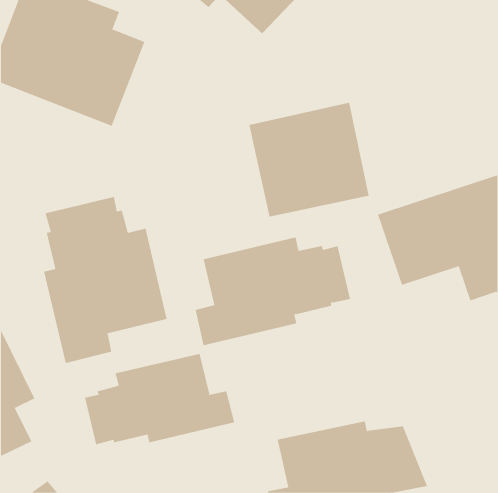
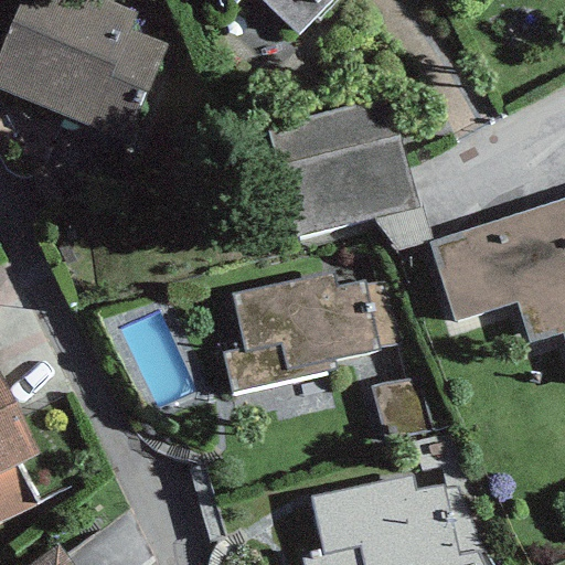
building: [44,196,167,364] -> none
building: [84,353,235,445] -> none

